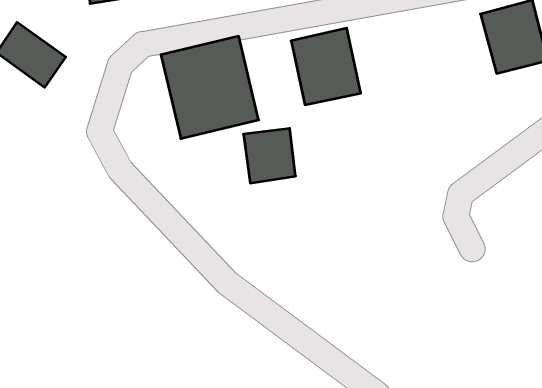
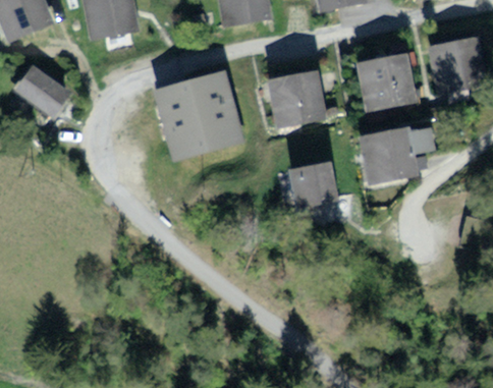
building: none -> [360,53,420,113]
building: none -> [365,123,431,182]
building: [243,128,296,183] -> [285,156,331,204]

